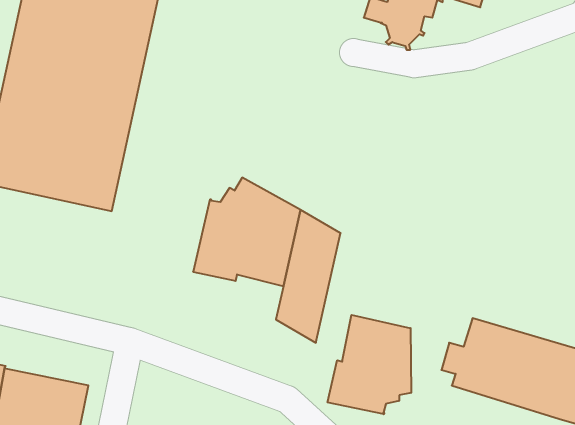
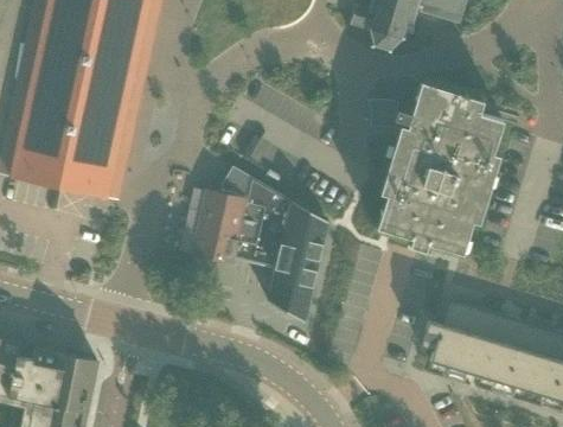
building: none -> [376,81,505,253]
building: [328,315,411,414] -> none

